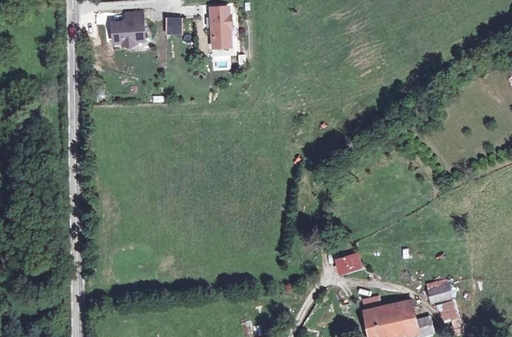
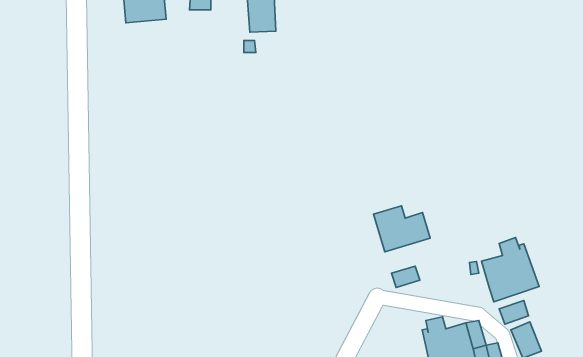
building: none -> [374,206,430,252]
building: none -> [482,238,539,302]

